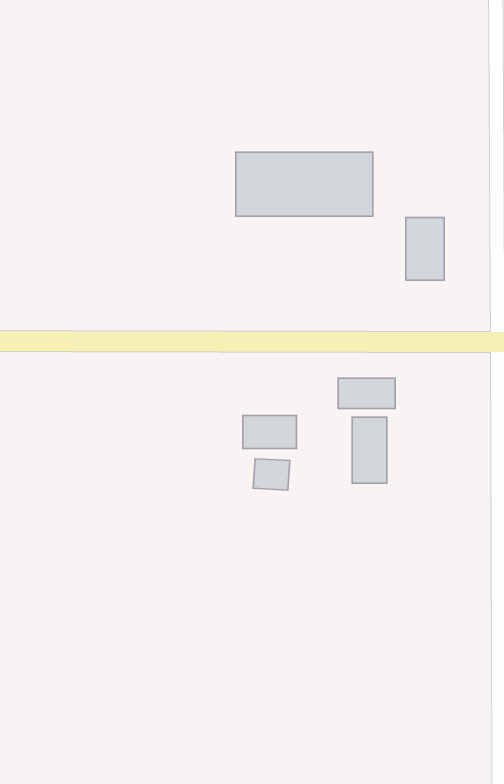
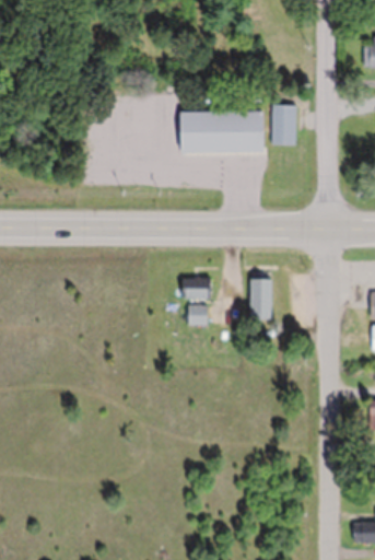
building: [406,218,444,280] -> [272,106,296,145]
building: [338,378,395,409] -> none

